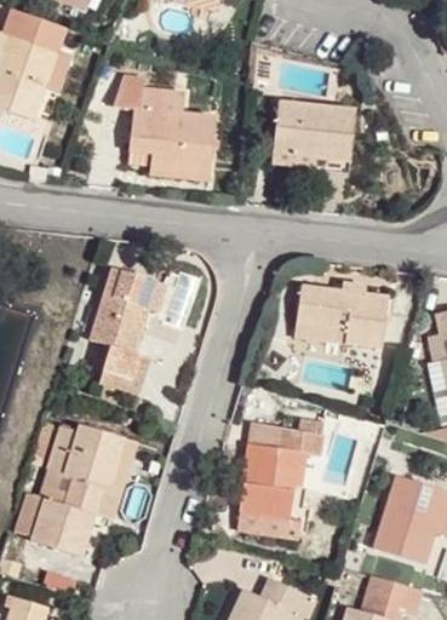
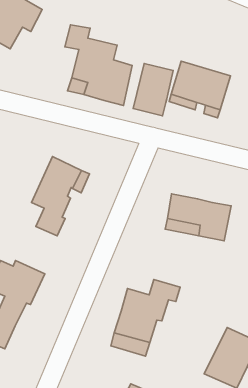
building: none -> [133,64,173,116]

